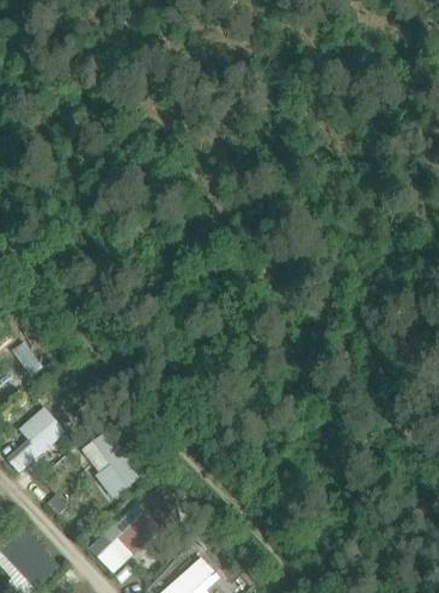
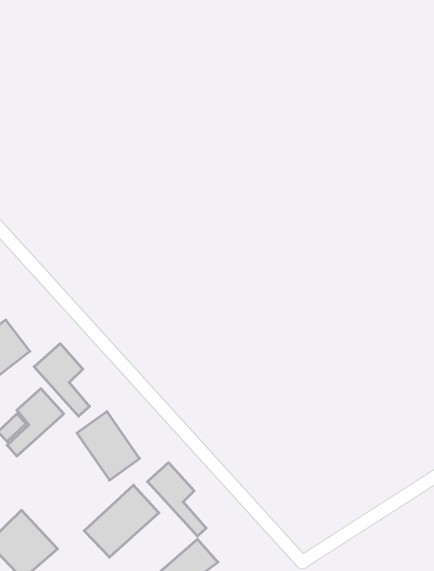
building: none -> [34,344,90,416]
building: none -> [147,463,206,536]

